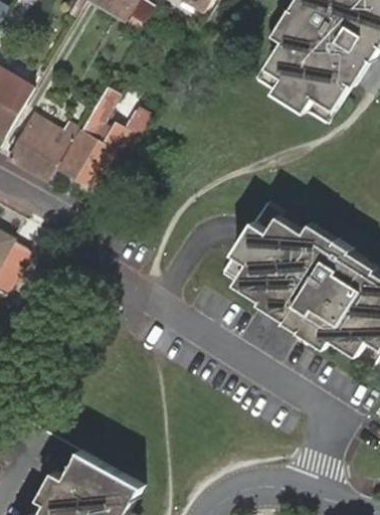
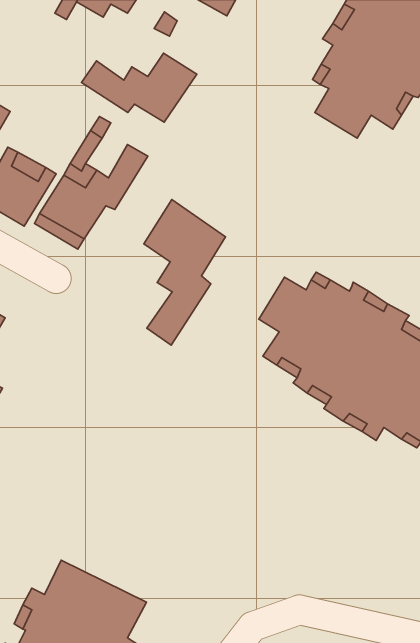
building: none -> [82,53,197,122]
building: none -> [144,200,225,345]

